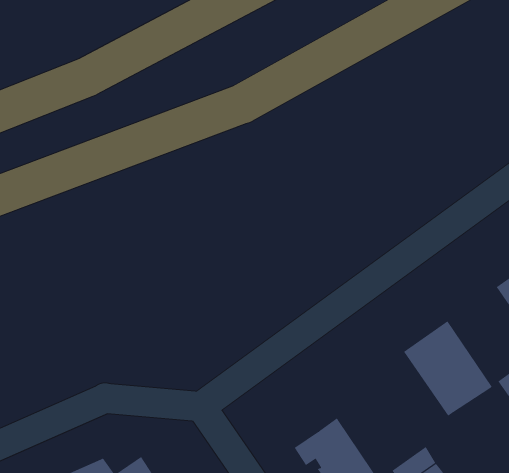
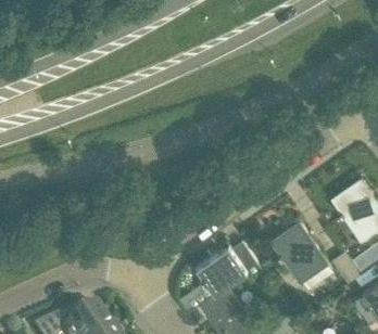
building: none -> [197,241,262,293]

